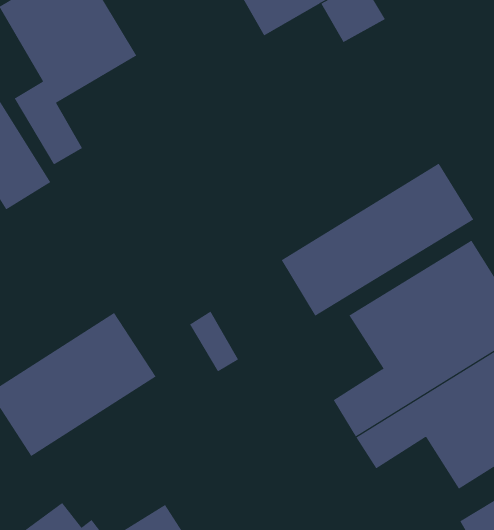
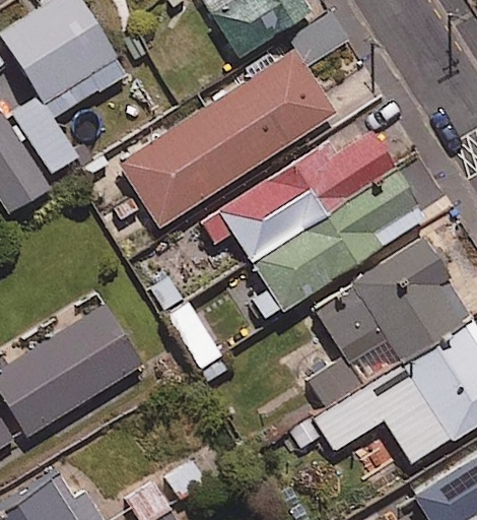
building: none -> [120,50,337,226]
building: none -> [199,121,396,258]

